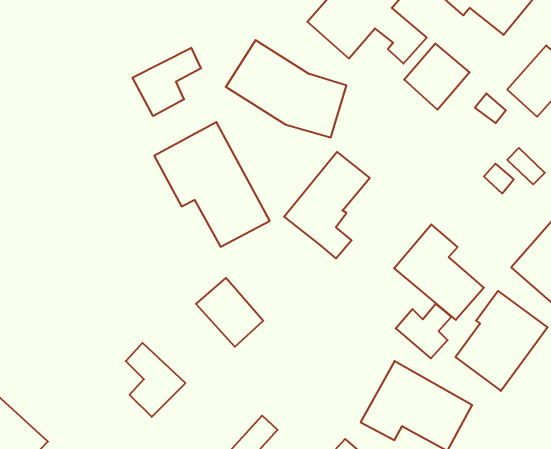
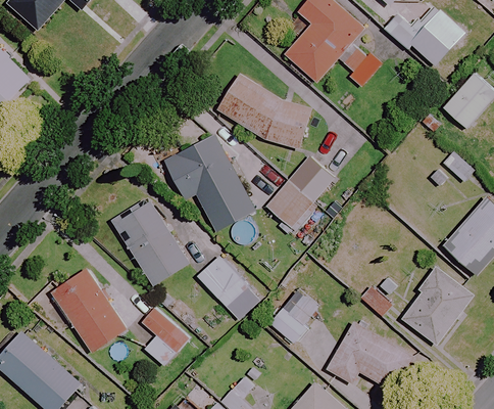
building: [404,44,470,110] -> none
building: [132,48,201,116] -> none
building: none -> [112,198,190,285]
building: [394,224,484,320] -> none
building: none -> [51,267,129,353]
building: none -> [268,293,323,344]

